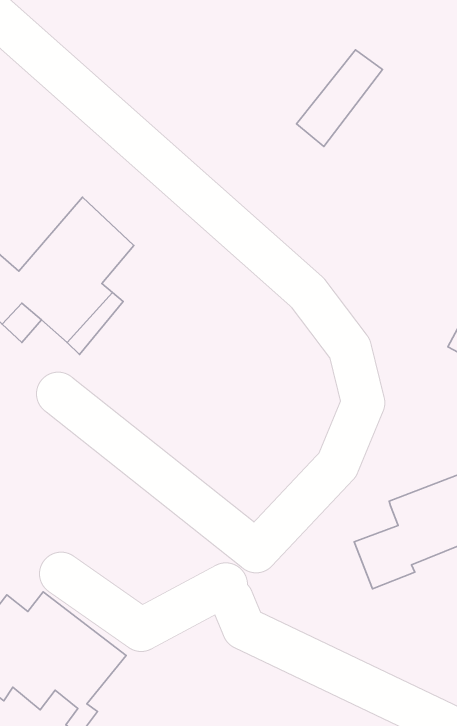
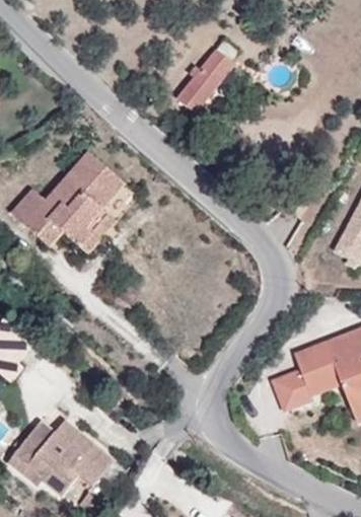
building: [296,50,383,147] -> [174,49,232,114]

